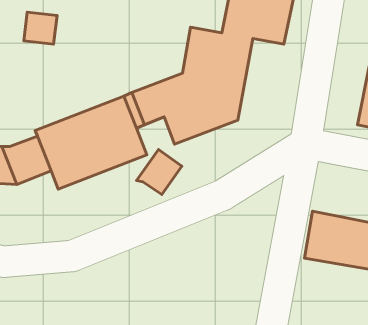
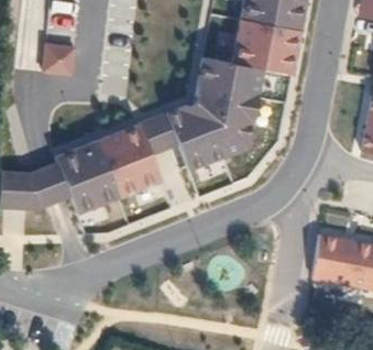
building: [137,149,182,194] -> none

